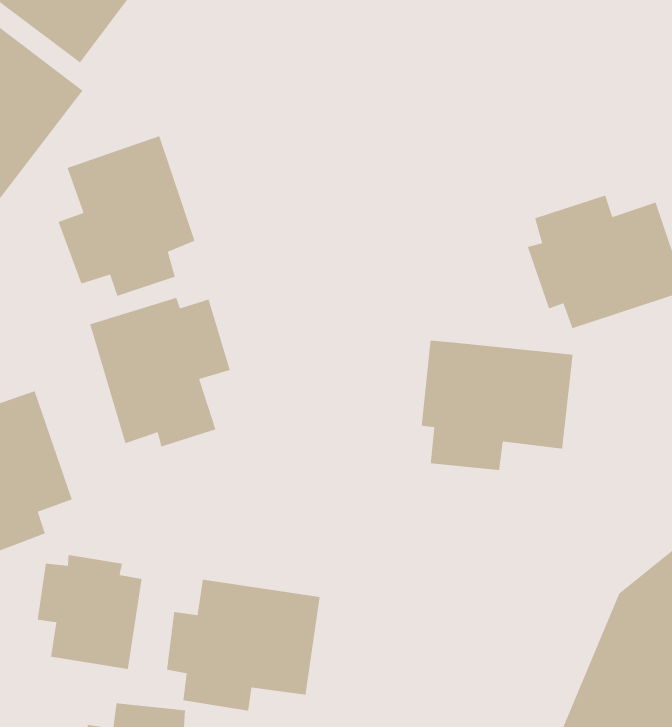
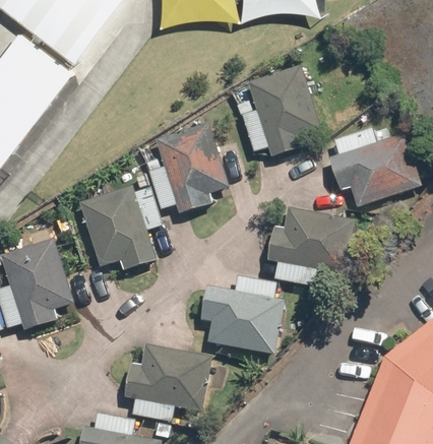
building: none -> [241,64,317,160]
building: [57,135,196,297] -> [147,124,226,215]
building: none -> [199,276,285,355]
building: [37,554,142,670] -> none

